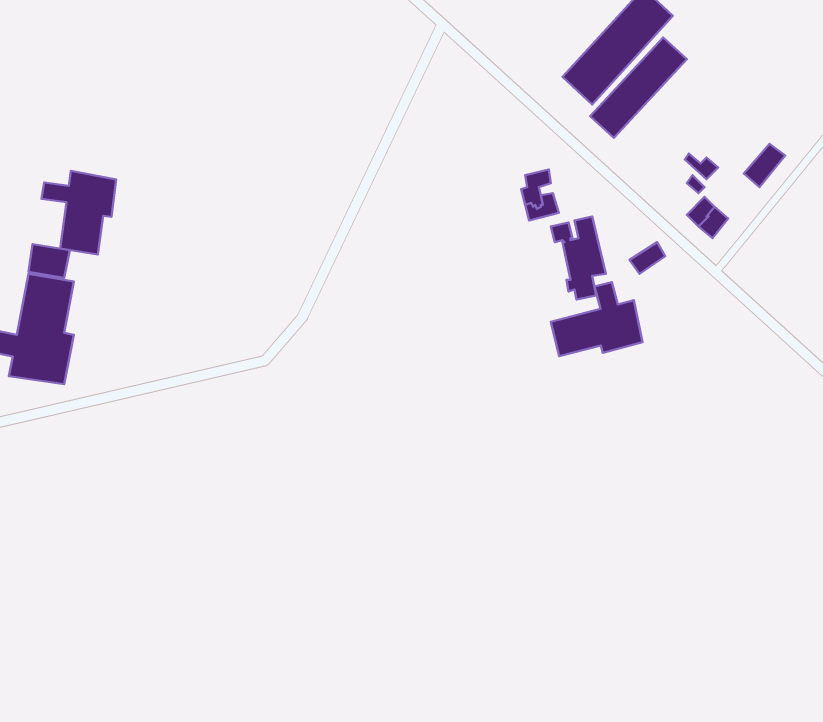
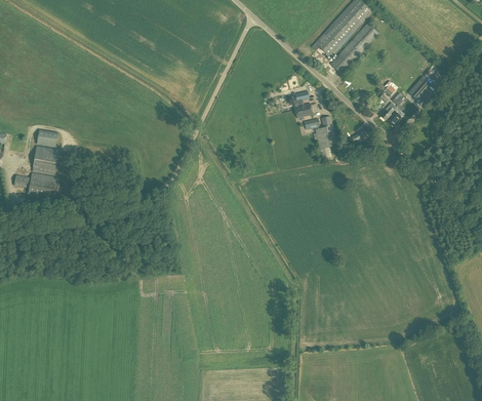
building: [42,171,116,255] -> none
building: [551,282,643,356] -> none

